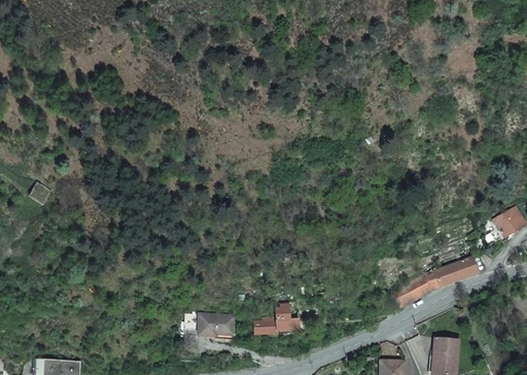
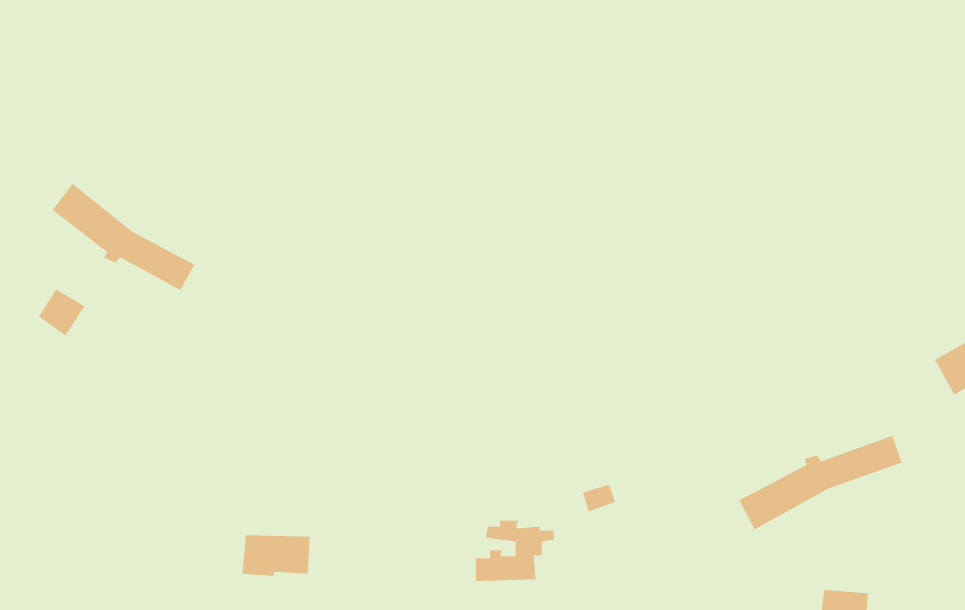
building: none -> [52,183,195,291]
building: [199,315,235,337] -> [241,535,311,576]

